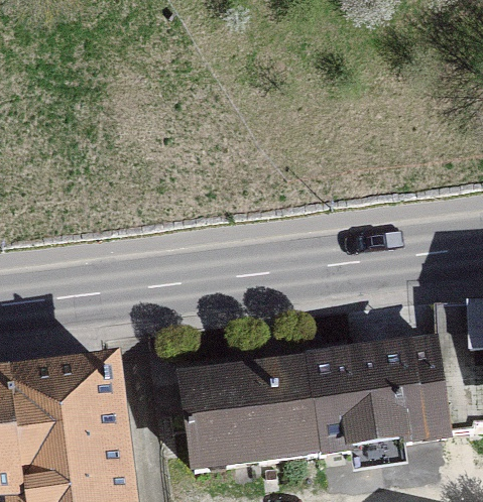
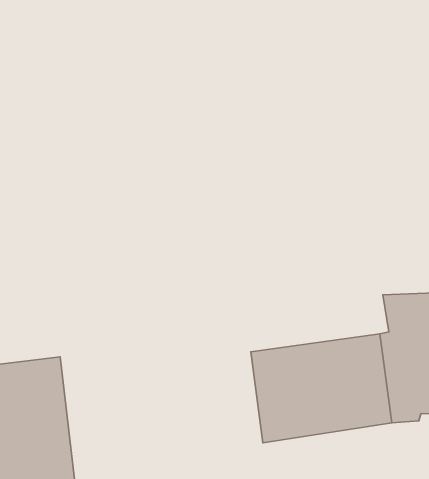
building: [180,357,315,464] -> none

